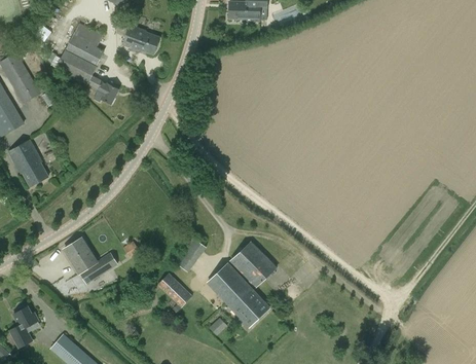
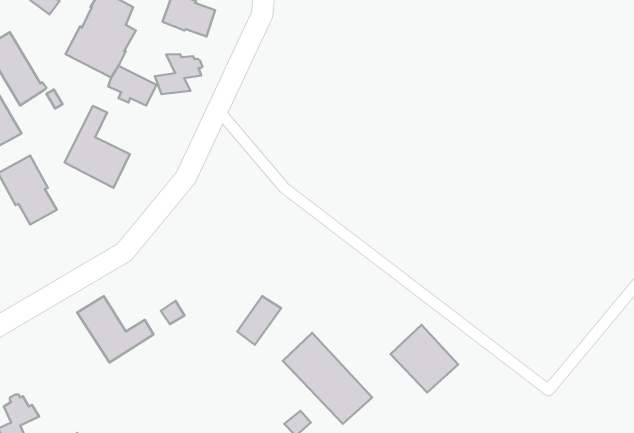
building: none -> [155,54,203,94]
building: none -> [65,106,130,188]
building: [229,241,277,288] -> [391,325,458,392]
building: [156,272,196,314] -> none

